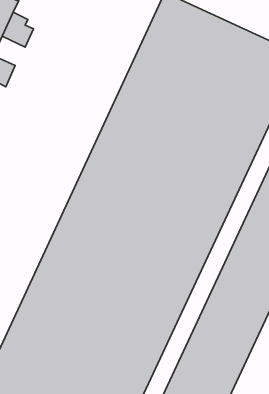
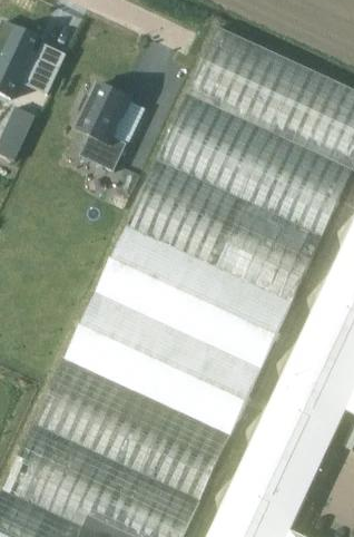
building: none -> [77,84,131,172]

